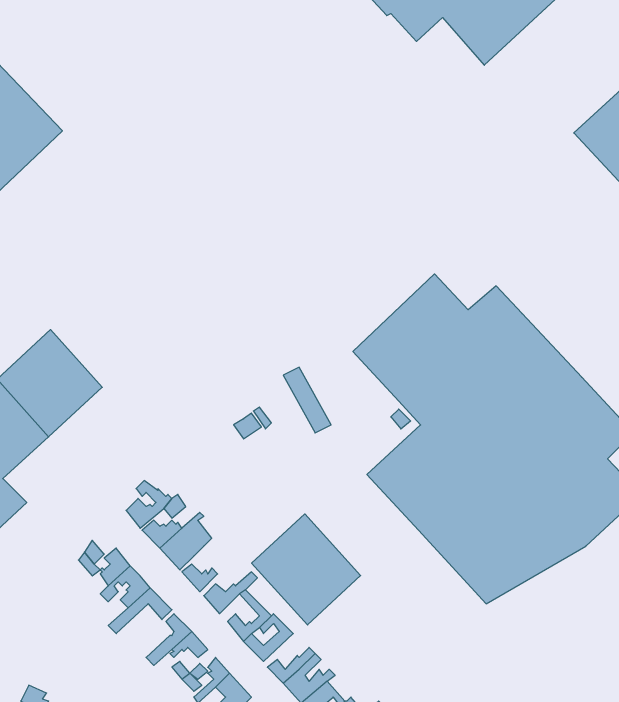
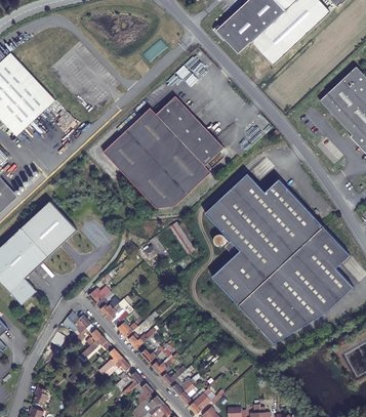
building: none -> [104,96,223,206]
building: [252,514,361,625] -> none

